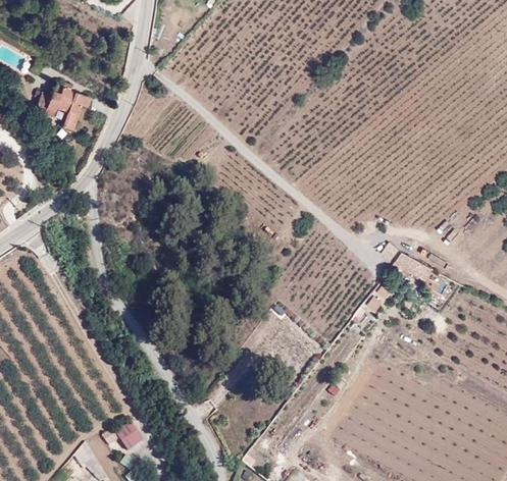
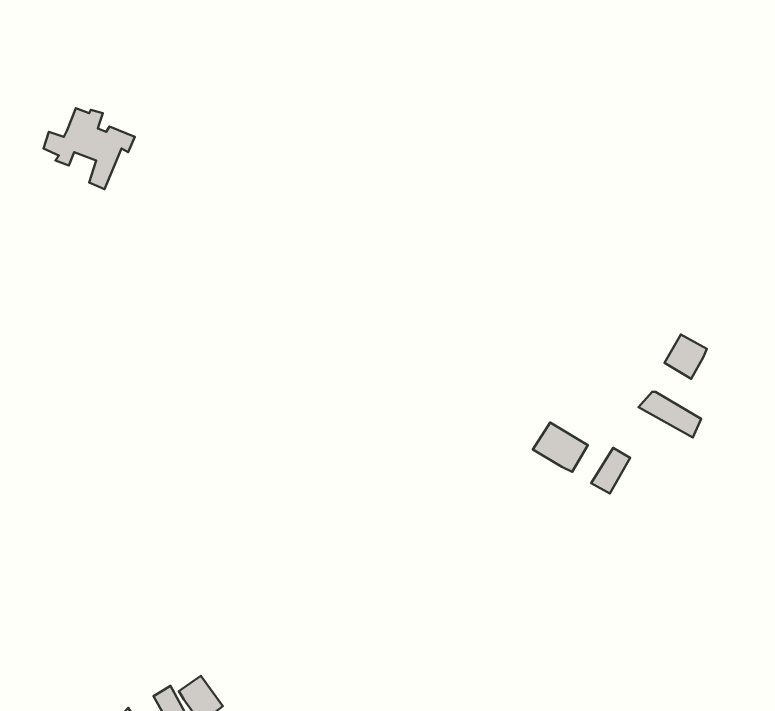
building: none -> [665,335,707,379]
building: none -> [533,422,588,472]

